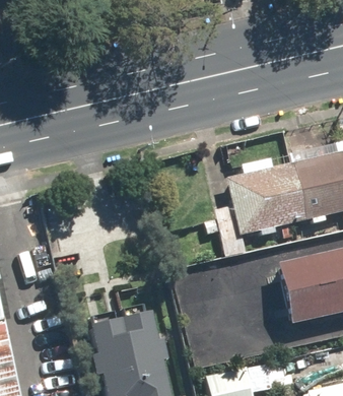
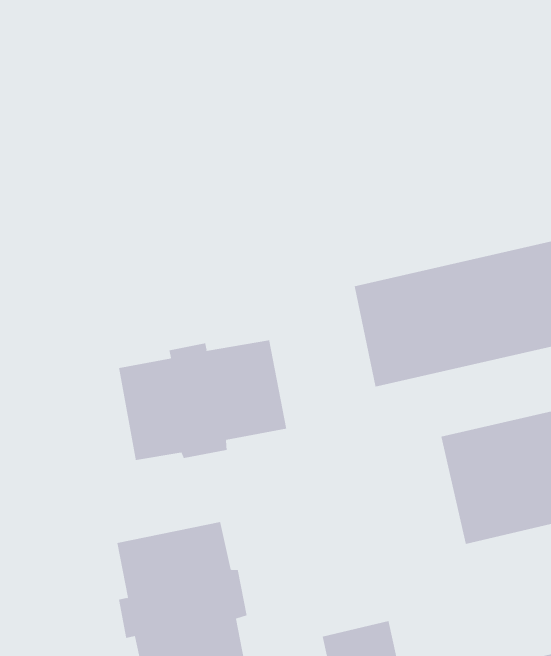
building: none -> [119,340,287,461]

